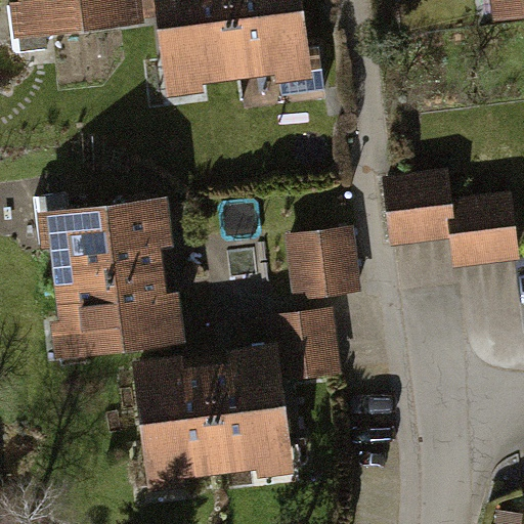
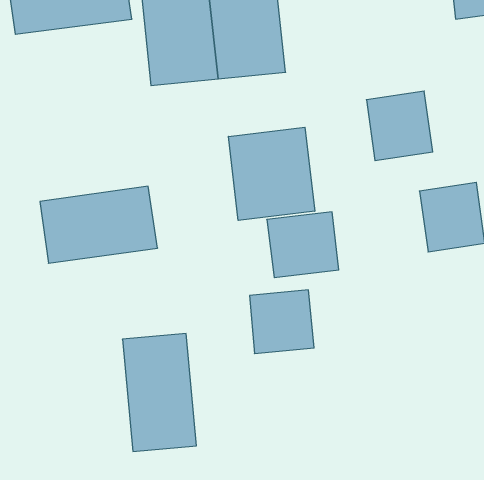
building: none -> [228,127,315,220]
building: [385,175,456,250] -> [366,91,433,161]
building: [53,267,180,351] -> none
building: [202,353,279,480] -> none

